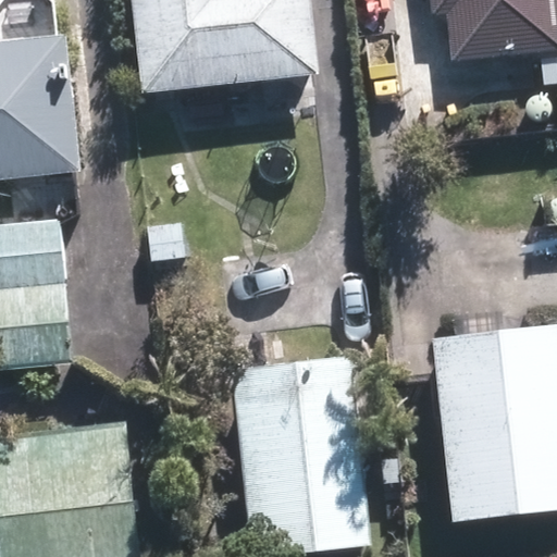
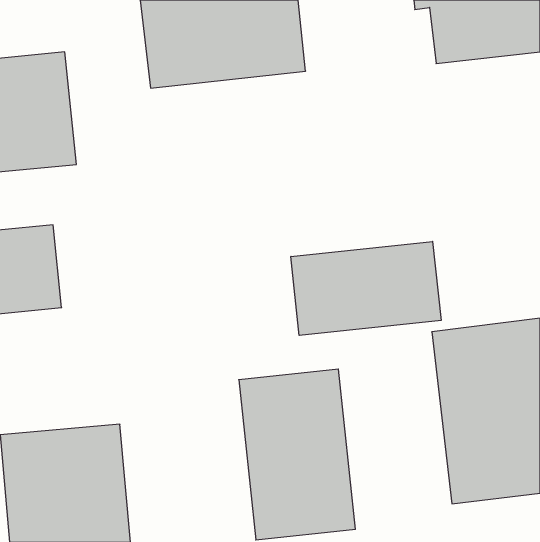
building: none -> [291,241,441,335]

